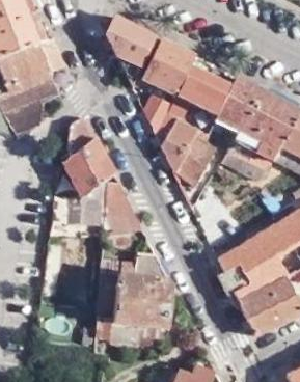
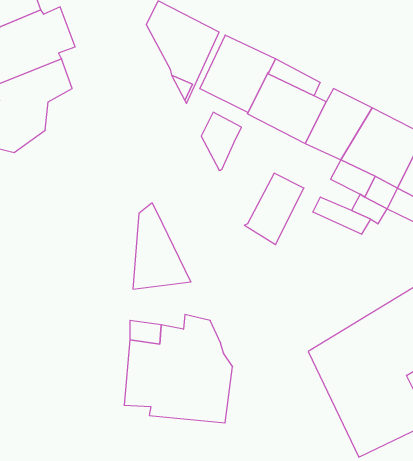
building: [62,110,115,231] -> none
building: [164,125,204,183] -> none
building: [93,308,166,338] -> none

